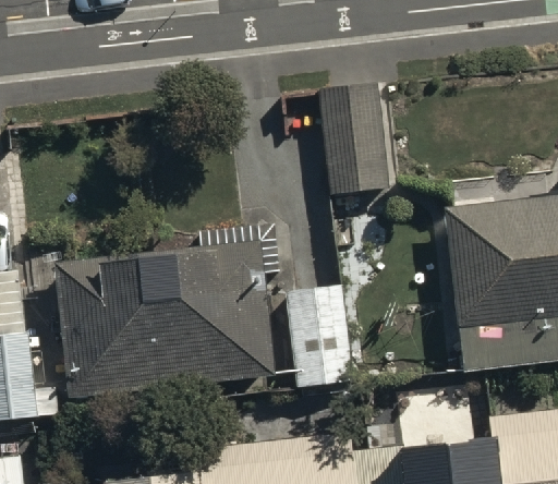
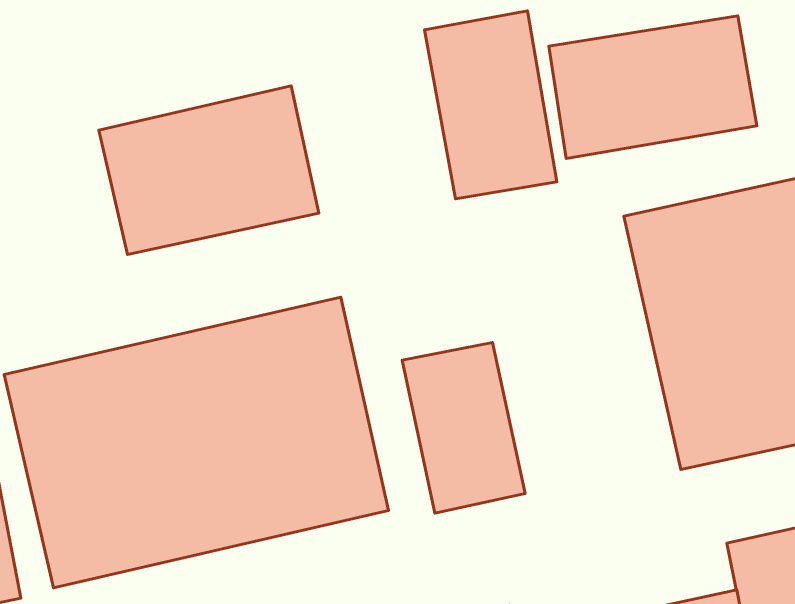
building: none -> [549,16,757,158]
building: none -> [99,86,319,255]

